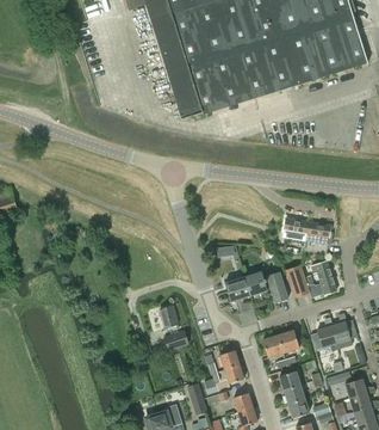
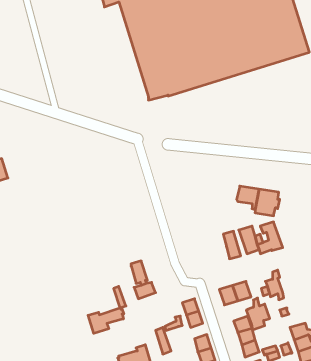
building: [224,271,271,301] -> none
building: [330,312,358,349] -> [246,298,270,330]
building: none -> [88,308,124,333]

